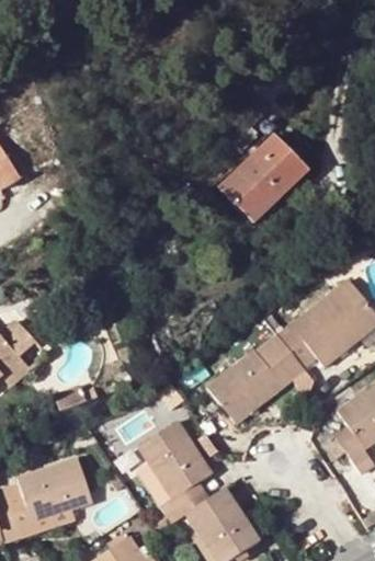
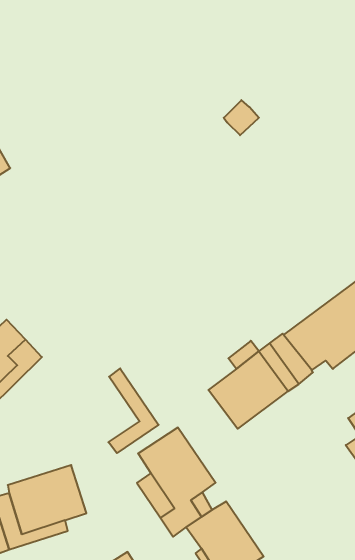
building: [218,136,305,222] -> none
building: none -> [108,368,159,453]

